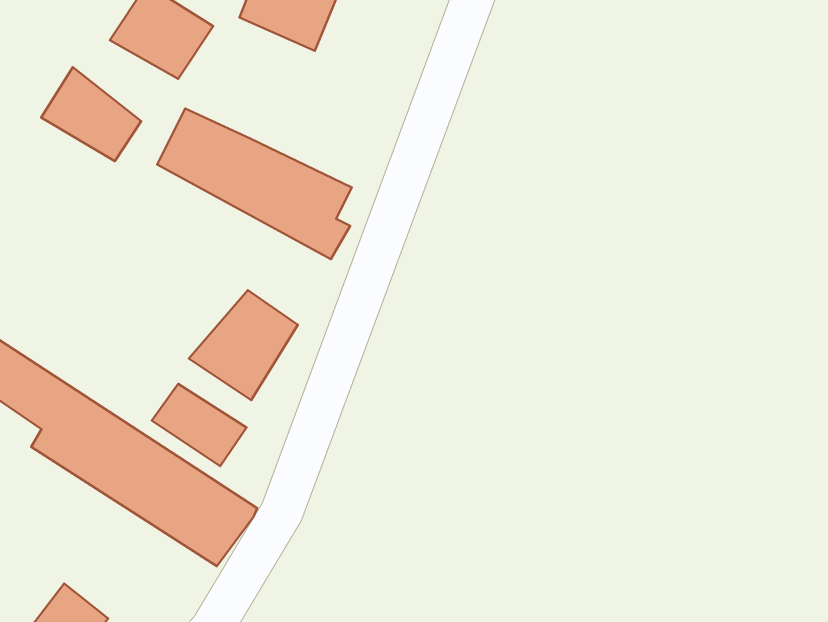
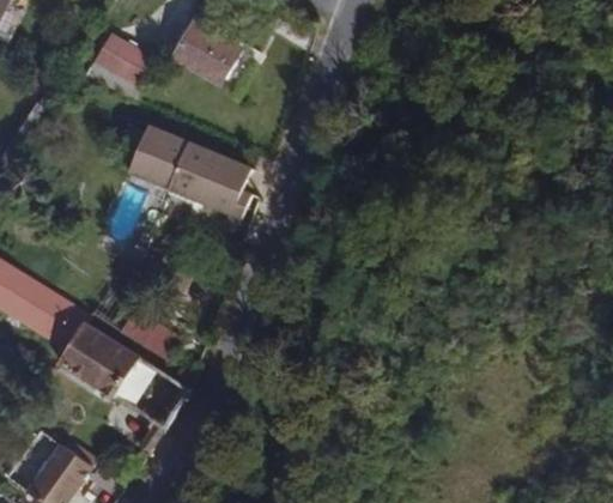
building: [41,67,141,161] -> none
building: [189,290,298,400] -> none

